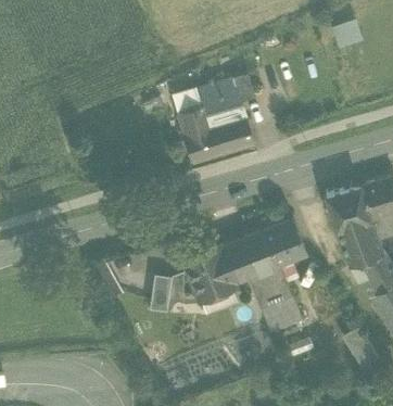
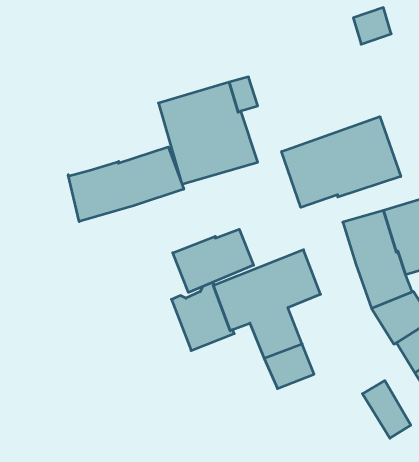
building: none -> [282,117,401,207]
building: none -> [68,147,184,222]
building: none -> [173,229,254,292]
building: [150,276,172,313] -> none

